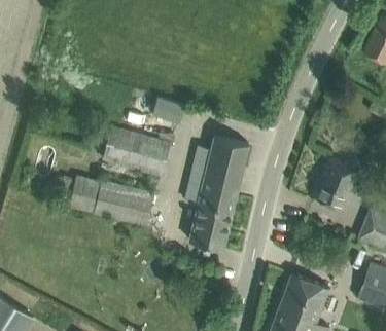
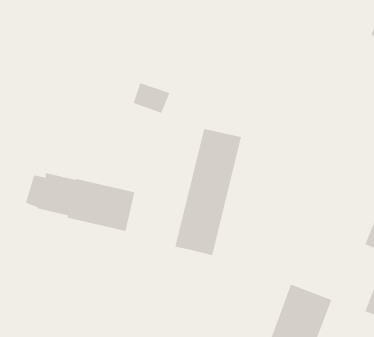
building: [102,125,171,176] -> none
building: [312,156,359,210] -> none

